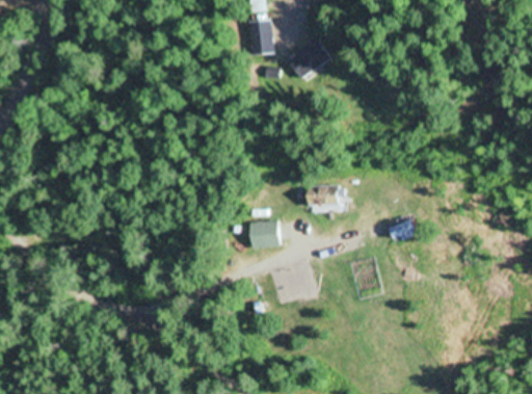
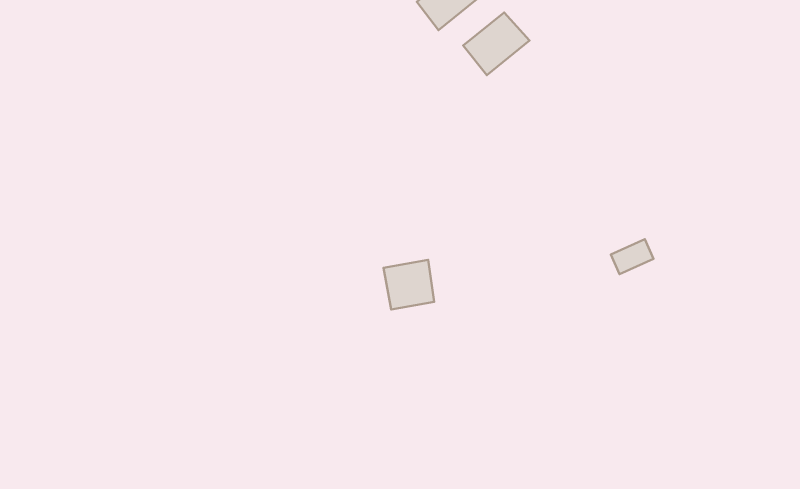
building: none -> [463,12,529,75]
building: [311,185,343,210] -> none

